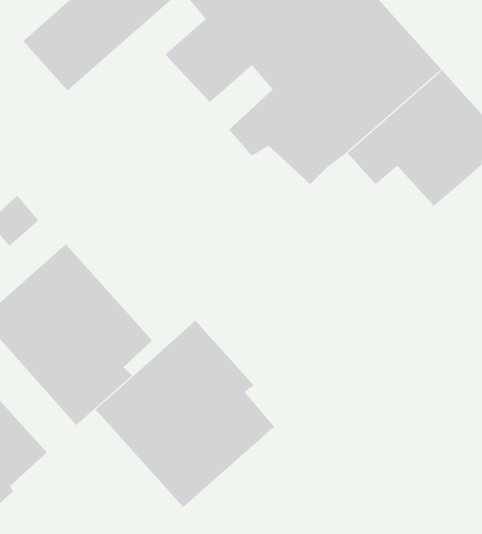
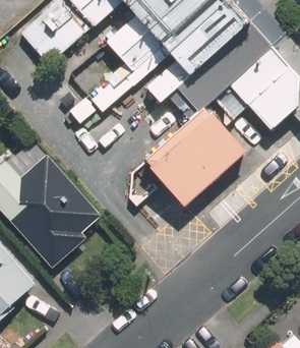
building: none -> [142,110,244,211]
building: [95,320,275,508] -> none

